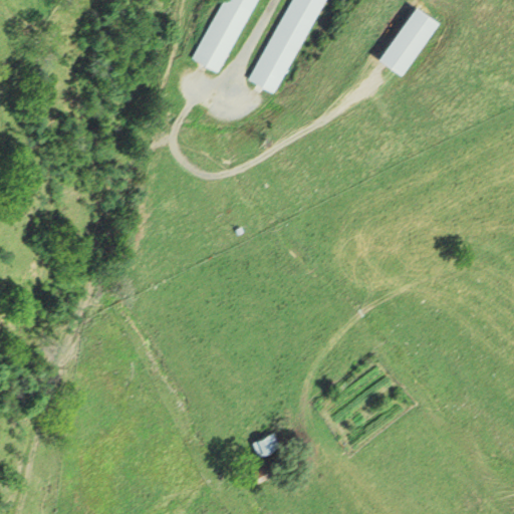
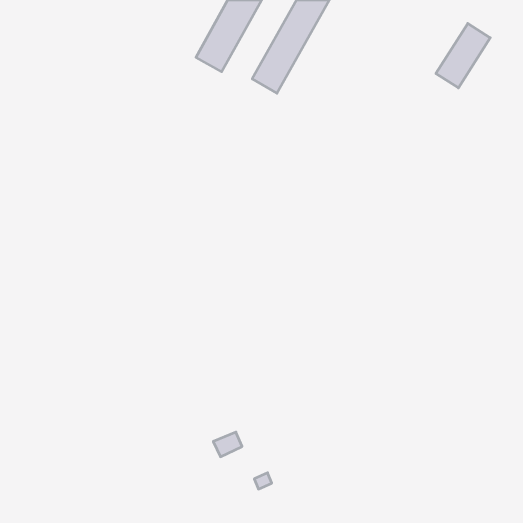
building: [386,7,439,70] -> [436,23,490,88]
building: [250,433,278,457] -> [213,432,242,457]

